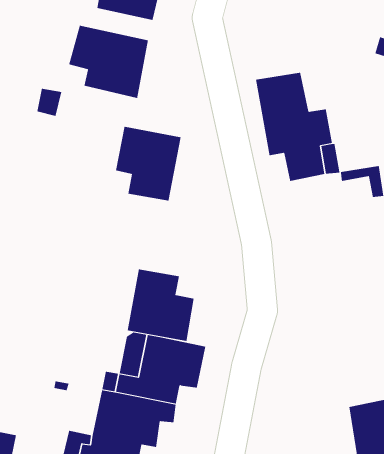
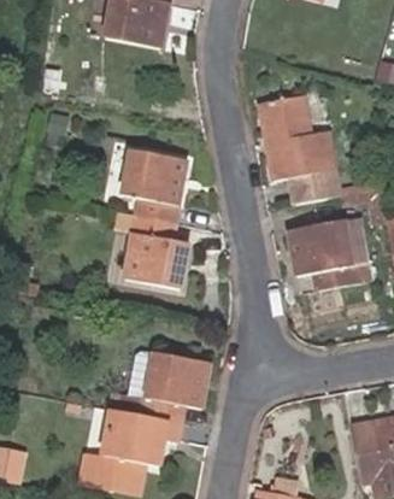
building: [68,25,149,99] -> none
building: none -> [286,221,355,288]
building: [127,269,195,342] -> [123,216,189,287]

